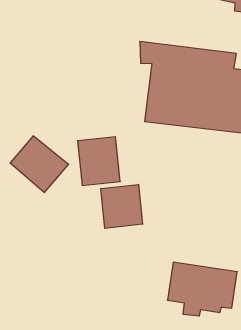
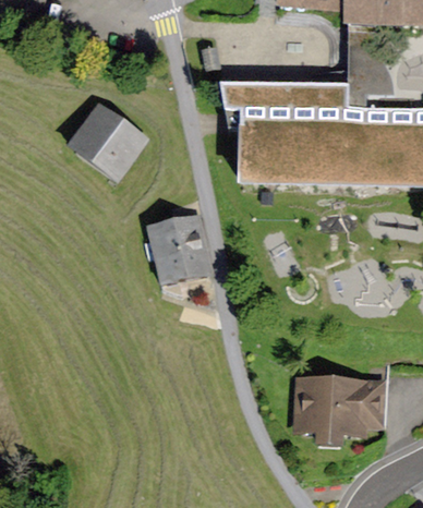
building: [10,136,69,192] -> [73,104,153,179]
building: [101,184,143,228] -> none

